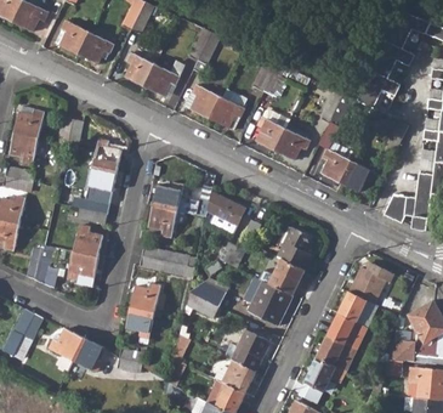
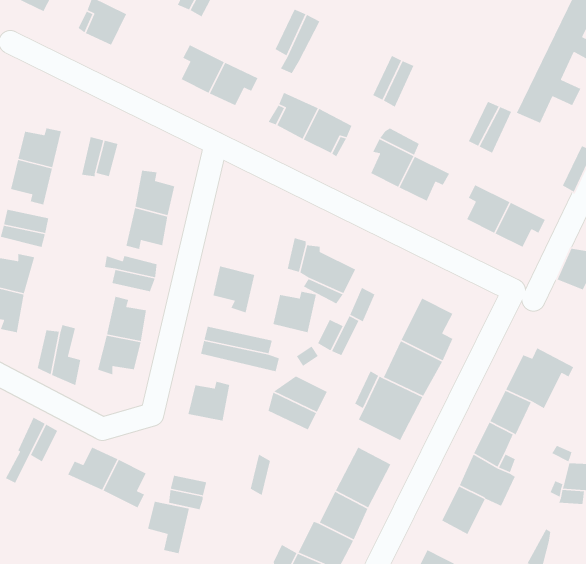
building: [78,33,112,64] -> none
building: [152,182,182,211] -> [273,291,317,333]
building: [125,307,154,344] -> [147,501,190,554]

